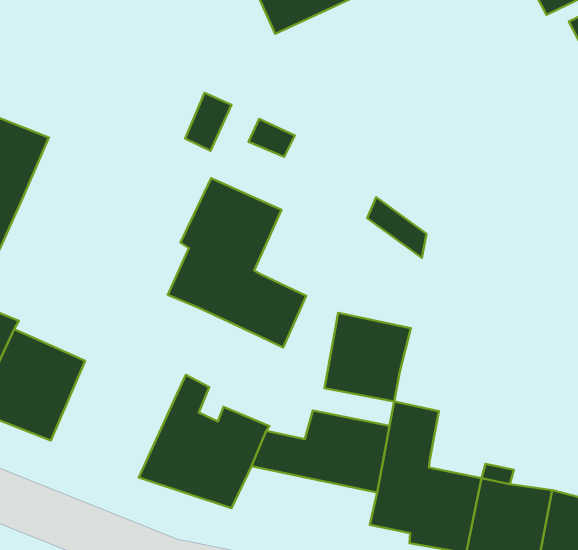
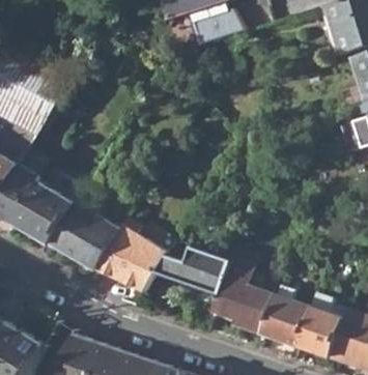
building: [168,178,306,348] -> none
building: [325,313,411,401] -> none
building: none -> [50,203,118,268]

